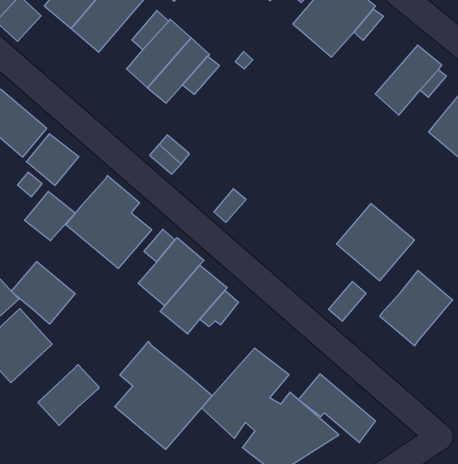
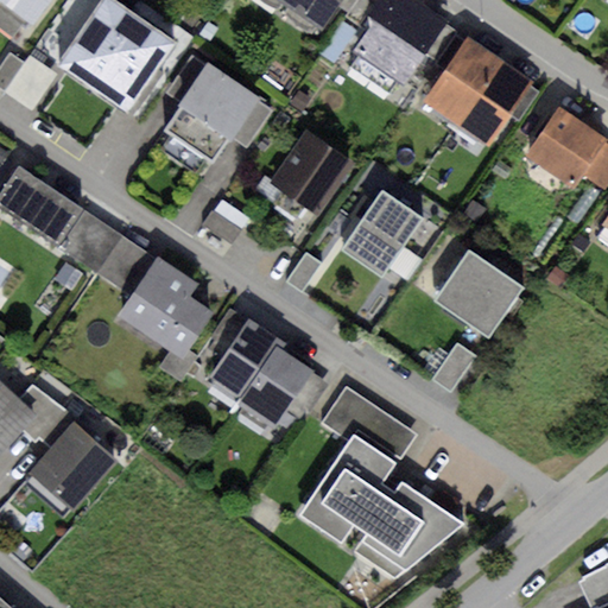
building: none -> [424,36,500,121]
building: none -> [272,131,354,214]
building: none -> [342,189,423,277]
building: [24,191,75,241] -> [97,236,156,293]
building: [11,262,75,324] -> none
building: [380,270,453,346] -> none
building: [115,342,212,449] -> none
building: [38,365,99,425] -> none
building: [299,374,375,443] -> [324,385,417,460]

